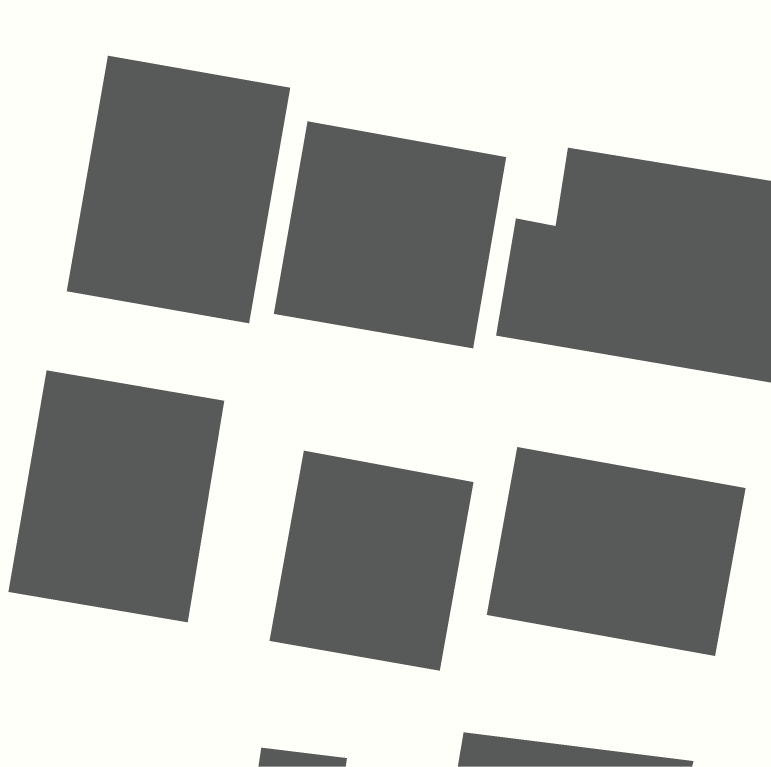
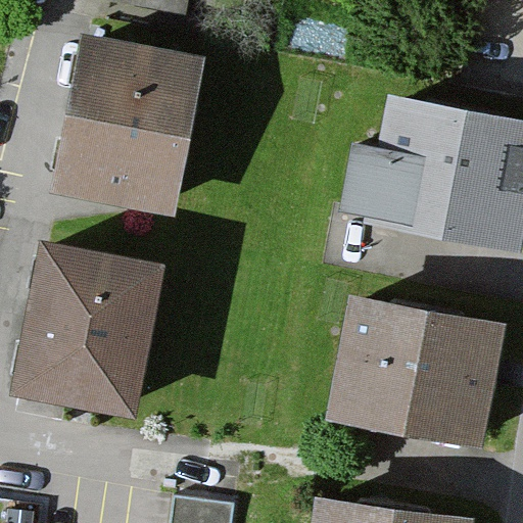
building: [273,121,507,349] -> none
building: [269,450,474,672] -> none

